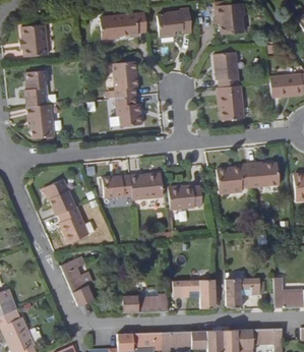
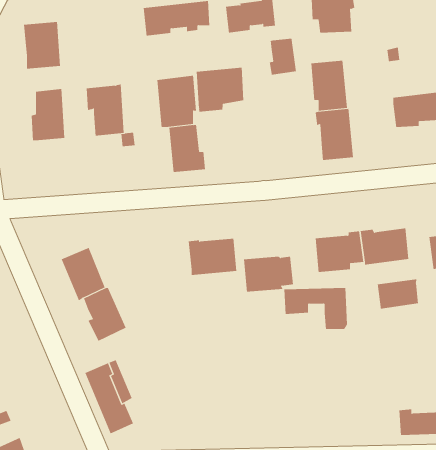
building: none -> [269,38,297,75]
building: none -> [196,67,244,112]
building: [27,104,54,139] -> [86,84,125,136]
building: [104,175,133,196] -> none
building: none -> [377,279,418,309]
building: [226,277,261,306] -> none
building: [173,279,217,307] -> [283,288,348,329]
building: [123,293,168,312] -> none

